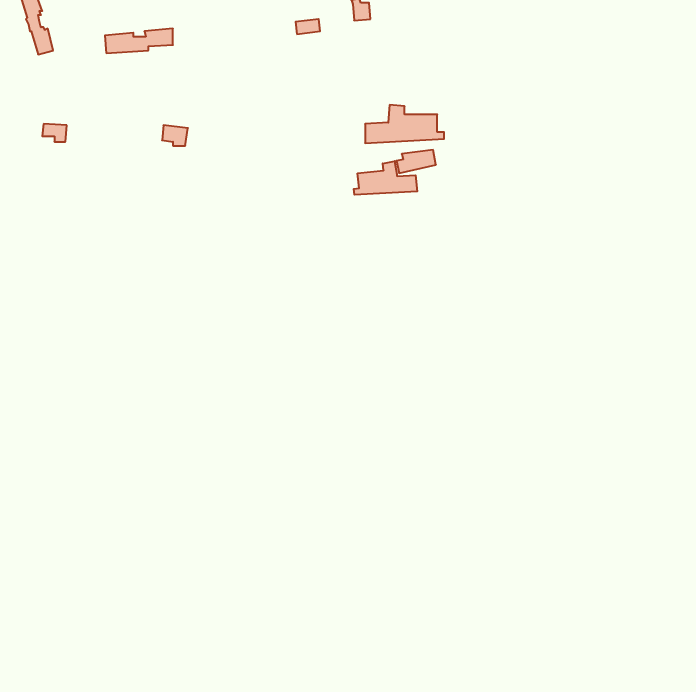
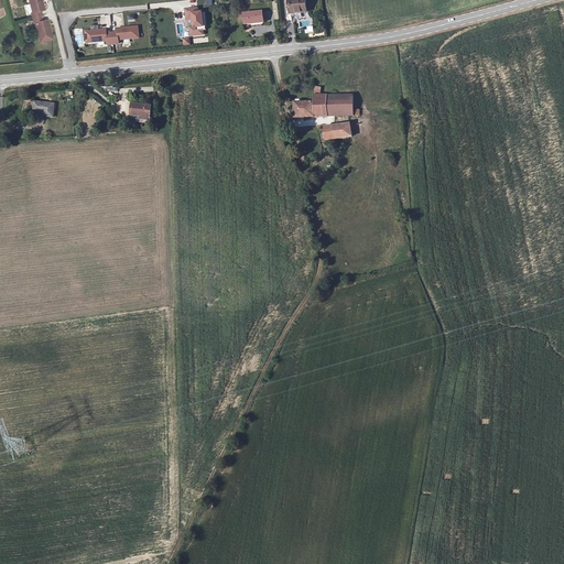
building: none -> [186,6,206,34]
building: [354,161,417,195] -> none

